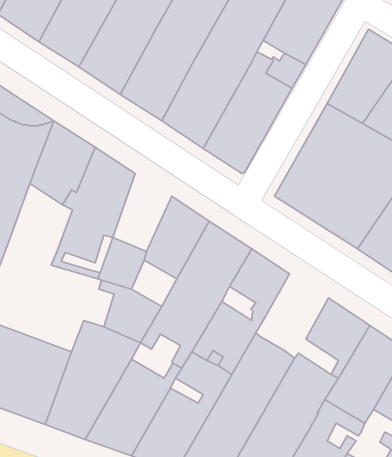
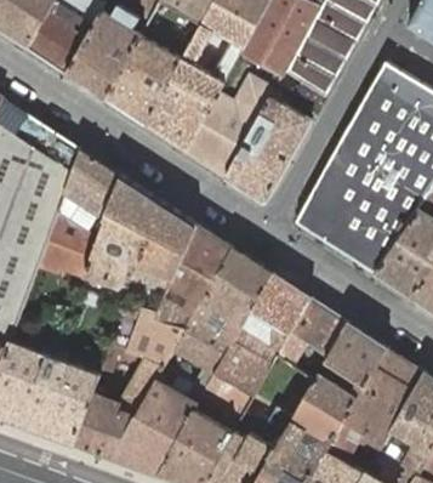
building: none -> [139,201,196,277]
building: none -> [40,211,101,275]
building: none -> [285,299,348,380]

